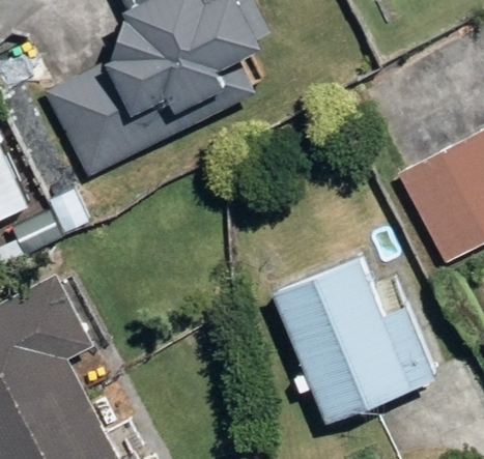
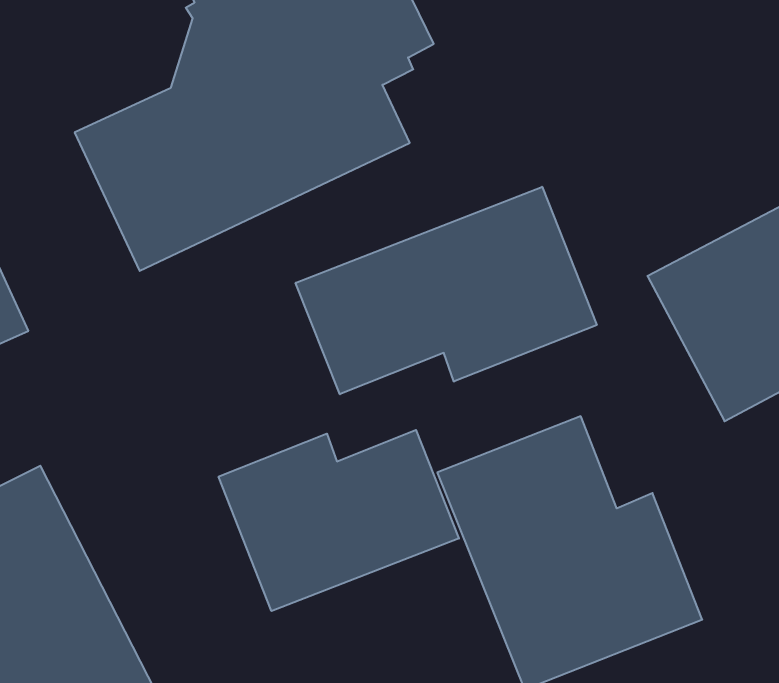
building: none -> [296,187,597,394]
building: none -> [219,430,459,611]

